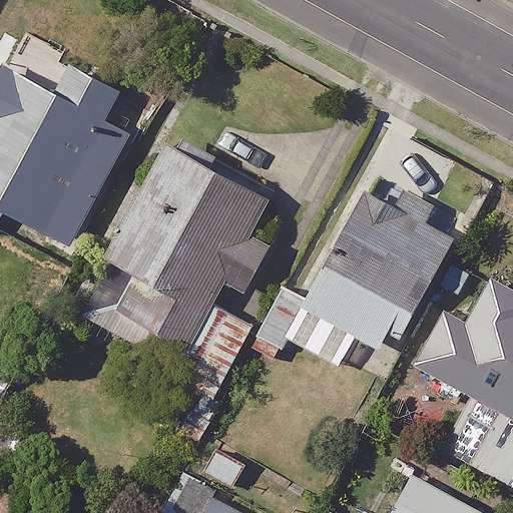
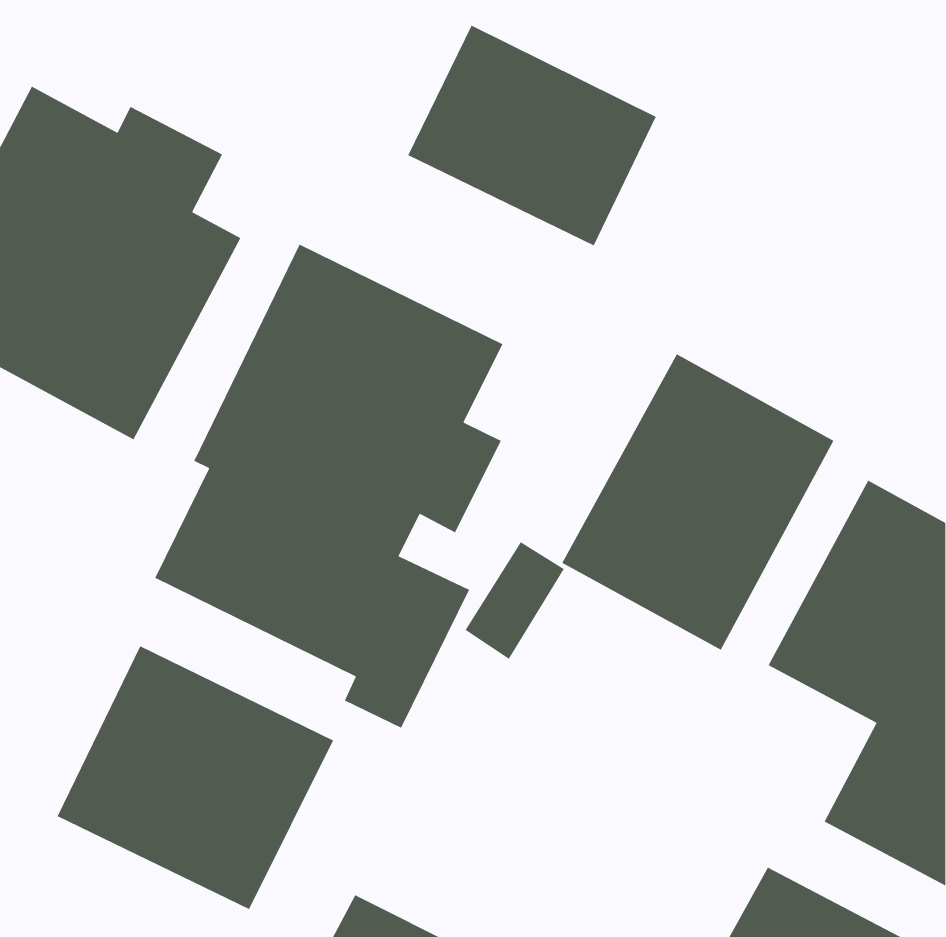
building: none -> [407,24,657,247]
building: none -> [56,645,334,910]

